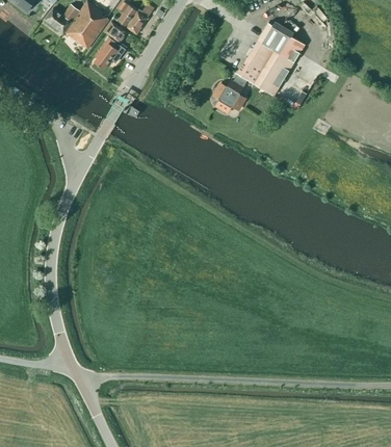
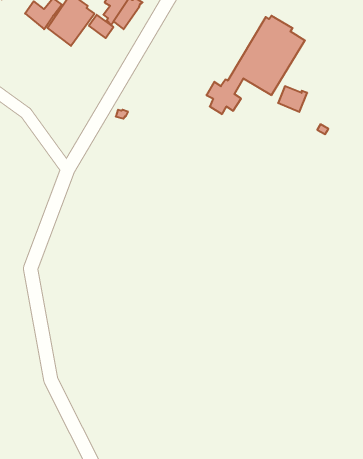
building: [95,36,126,69] -> none

